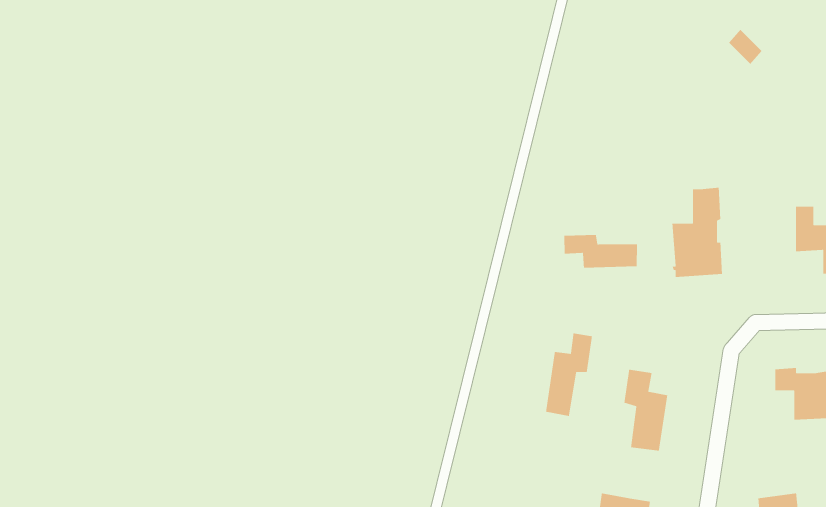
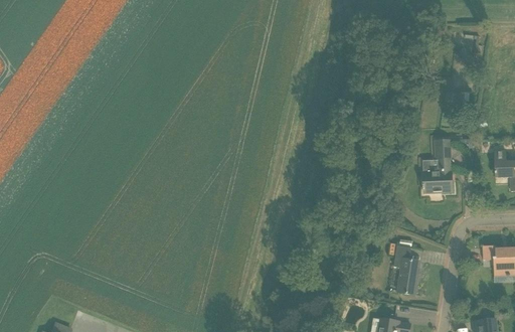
building: [563,234,638,269] -> none
building: [545,333,593,417] -> none

